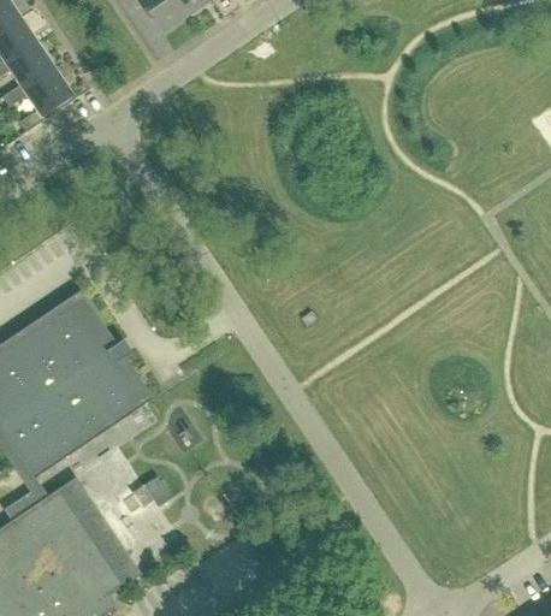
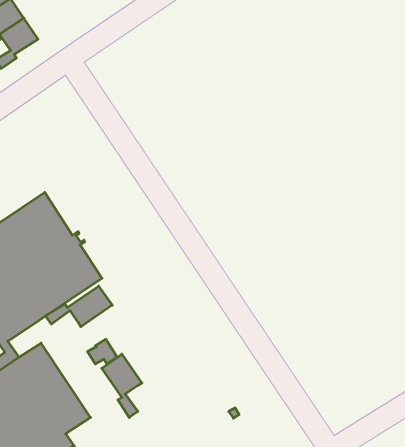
building: none -> [46,286,112,327]
building: none -> [102,354,142,418]

